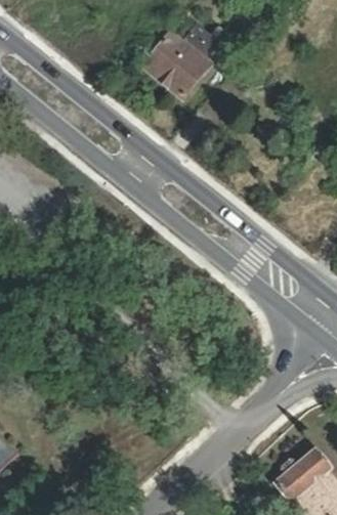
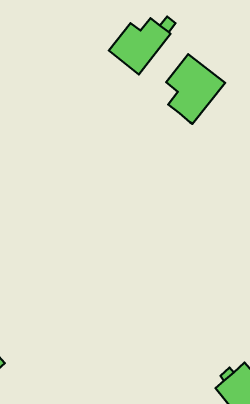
building: none -> [166,54,225,124]

